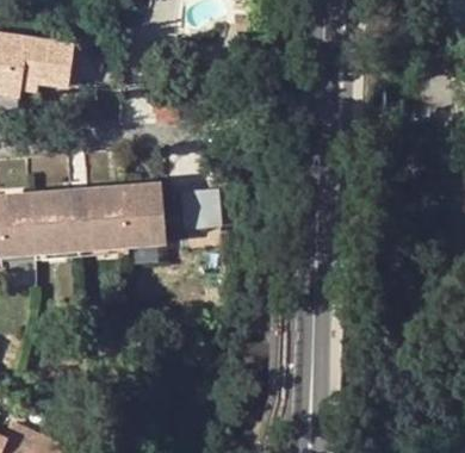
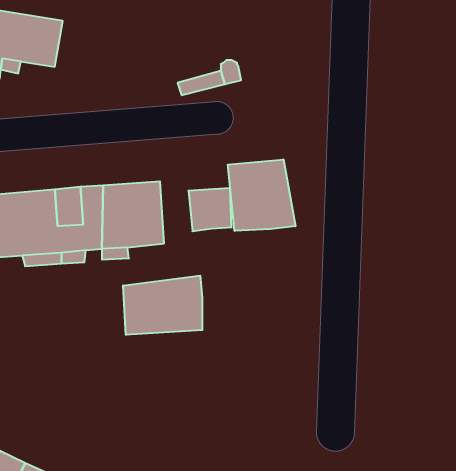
building: none -> [228,159,295,231]
building: none -> [123,276,202,335]

